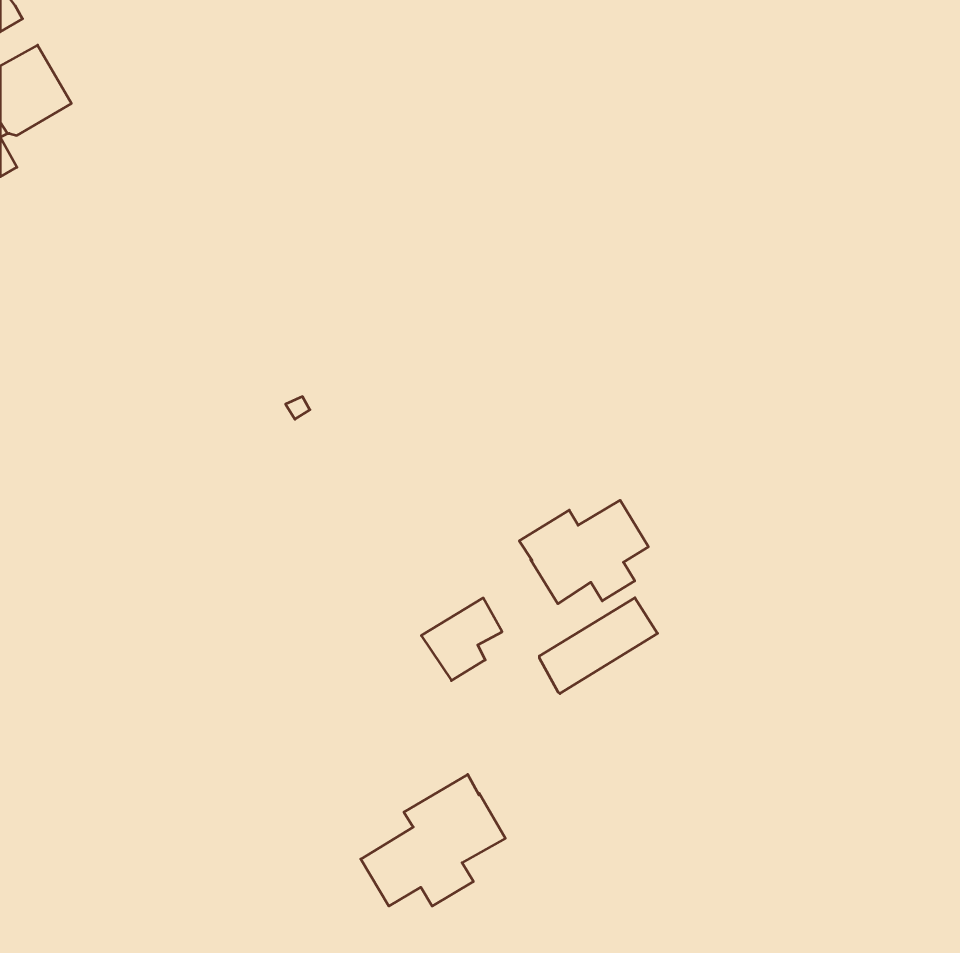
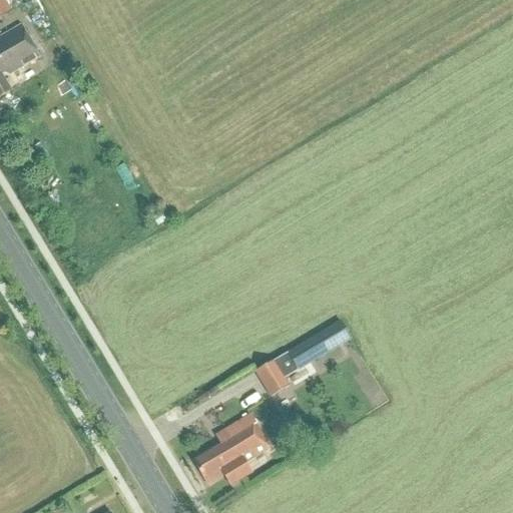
building: [519,500,648,604] -> none
building: [421,598,502,681] -> [254,351,298,395]

